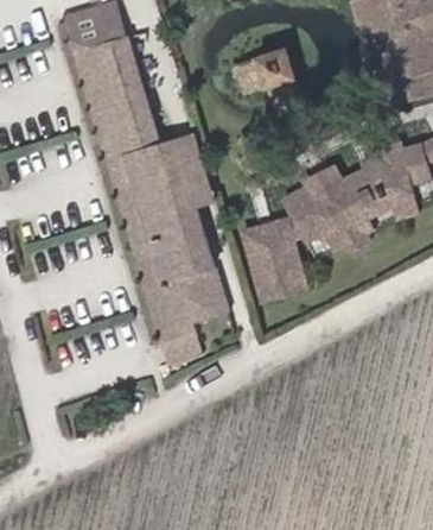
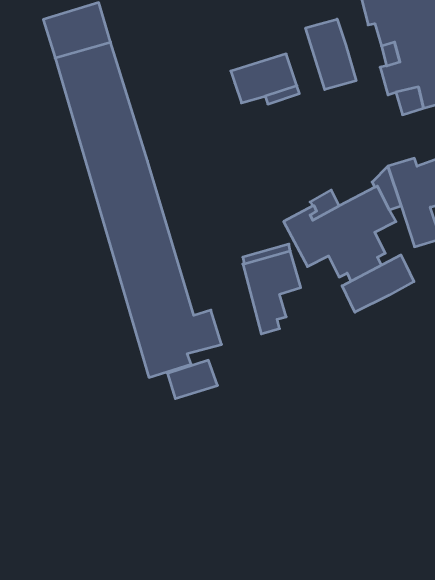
building: none -> [306,19,356,90]
building: [159,135,216,284] -> none
building: none -> [342,255,414,312]

